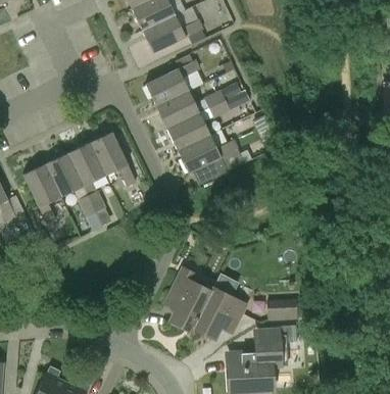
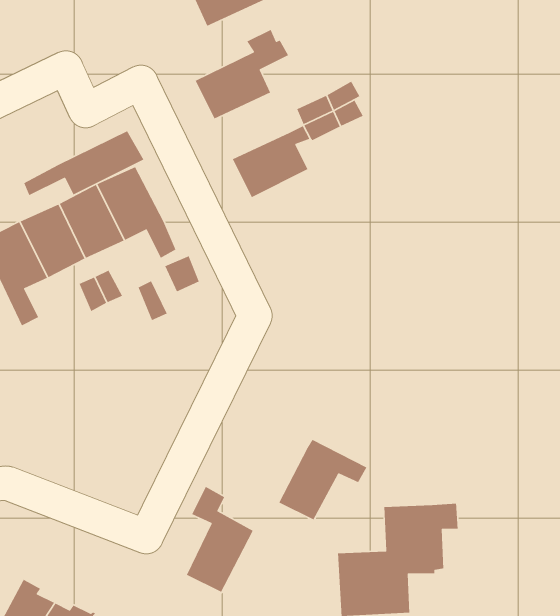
building: [157,91,200,129] -> none
building: none -> [23,130,144,196]
building: [179,135,245,184] -> none
building: [172,268,210,330] -> [186,486,254,593]
building: [269,299,298,318] -> none

